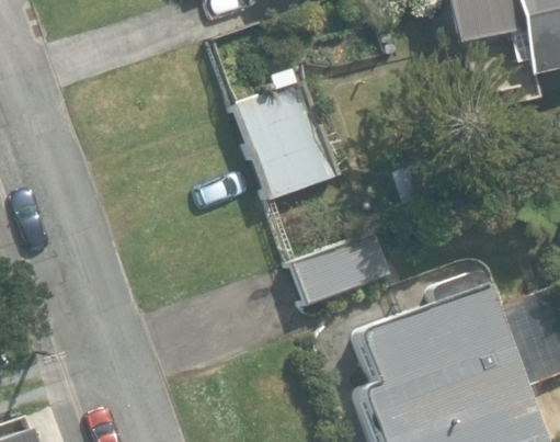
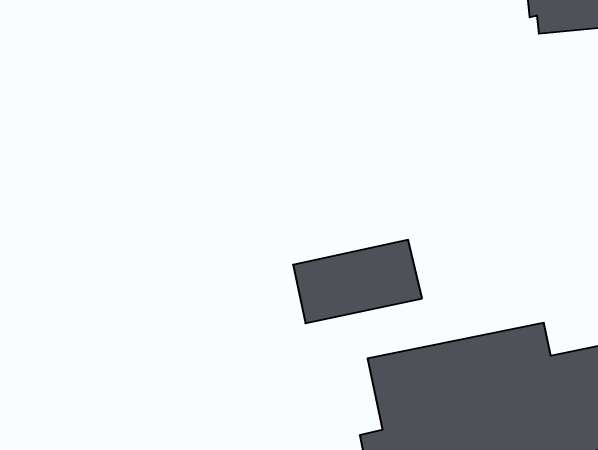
building: [233,80,340,202] -> none

